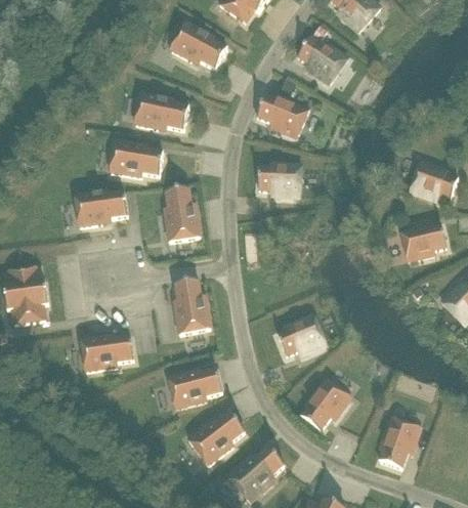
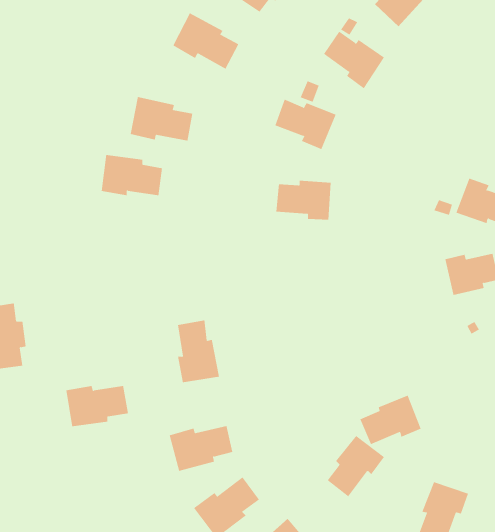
building: [165,187,200,241] -> none
building: [74,189,127,225] -> none
building: [275,312,328,354] -> [360,395,421,445]

